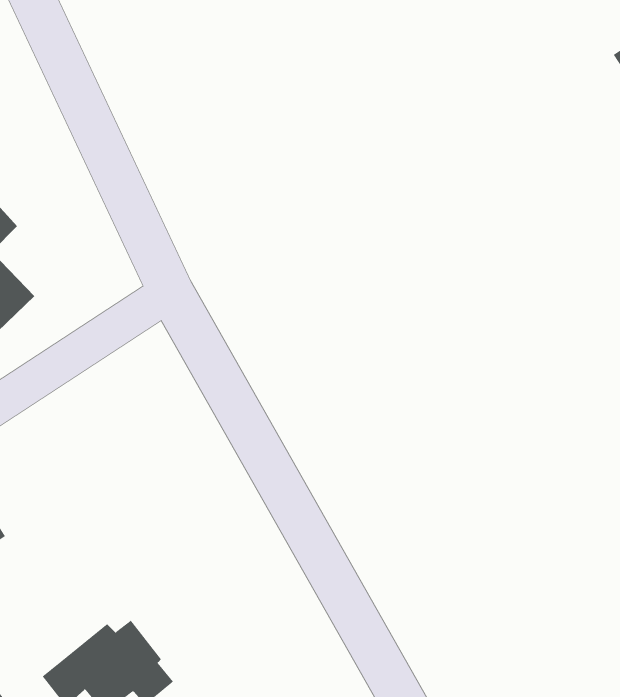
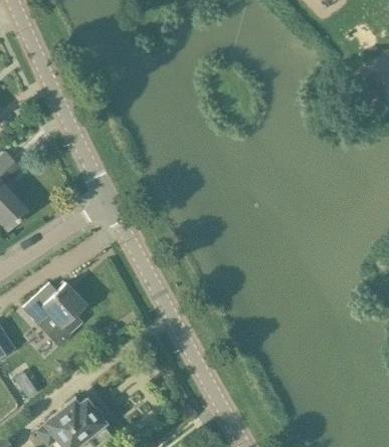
building: none -> [22,285,84,334]

